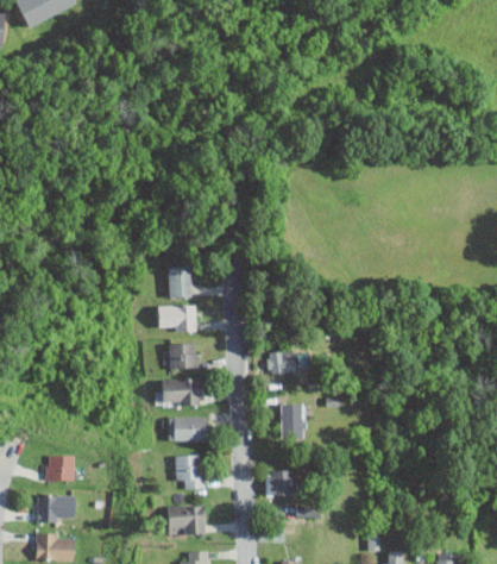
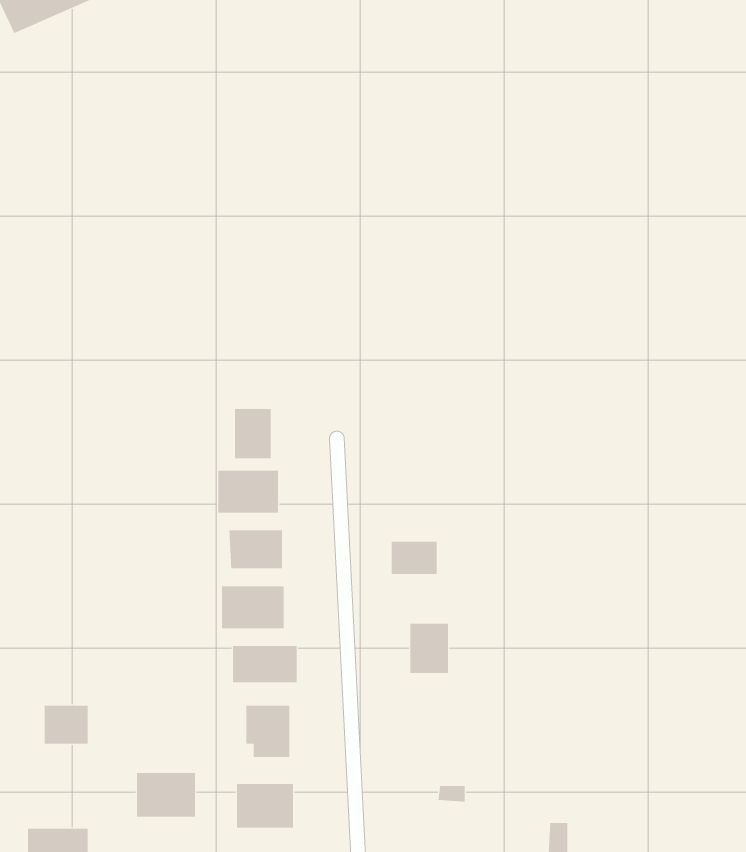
building: [265,470,297,496] -> none
building: [37,495,75,524] -> [136,772,196,817]

